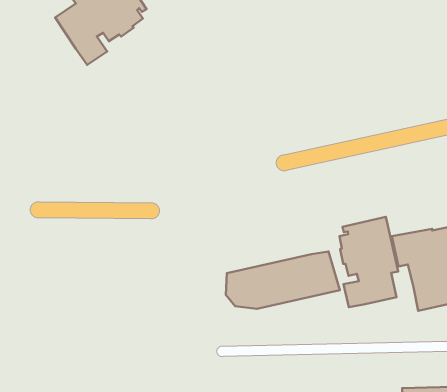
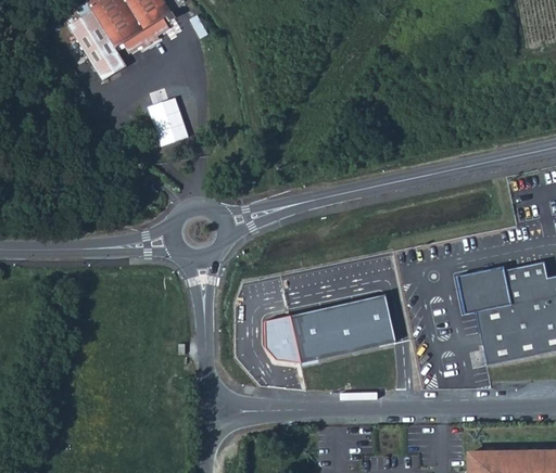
building: none -> [148,97,189,145]
building: [340,217,398,307] -> none

